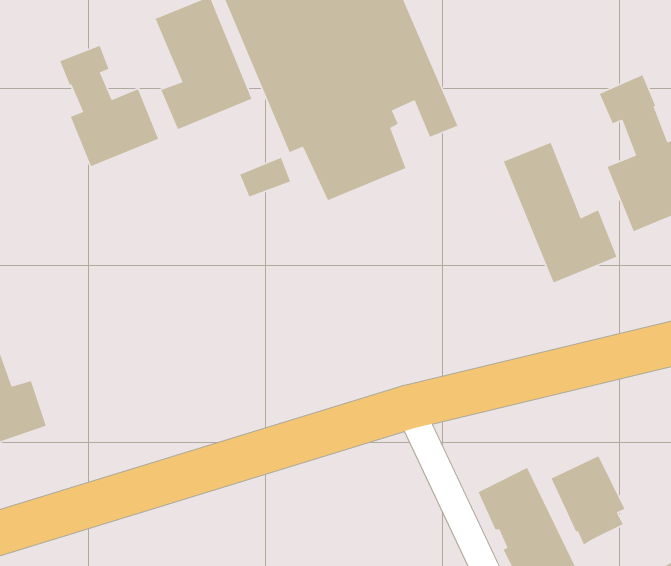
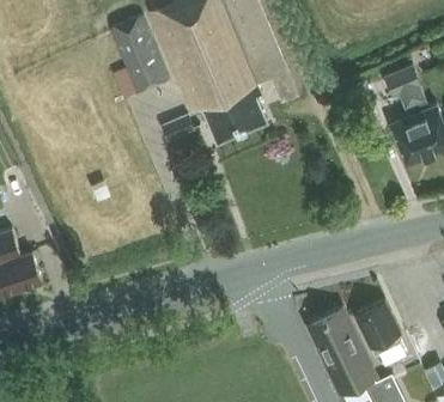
building: [59,45,159,167] -> none
building: [503,142,618,283] -> none

